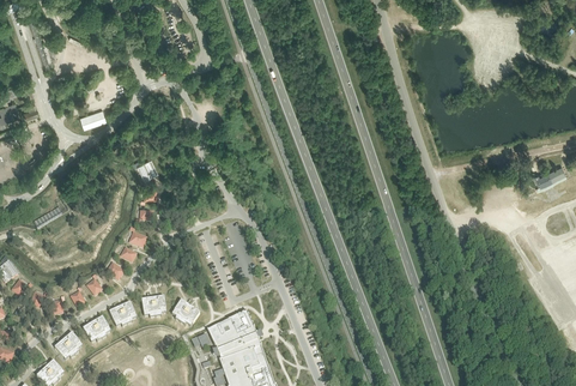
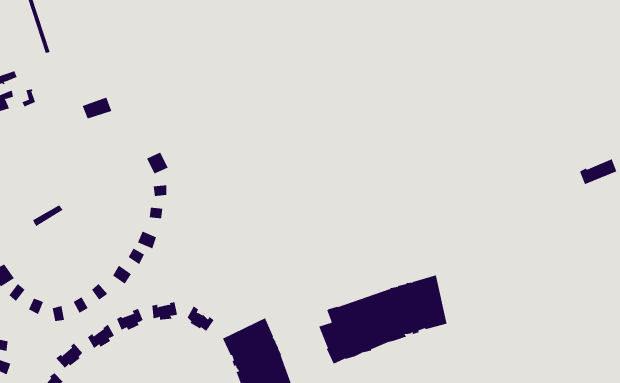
building: none -> [319,274,447,364]

